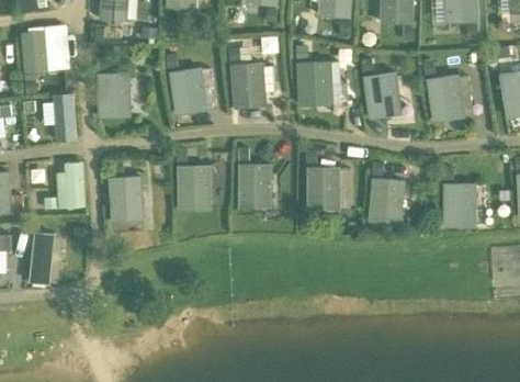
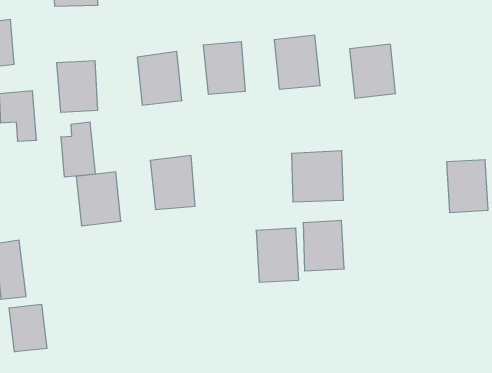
building: [426,75,465,123] -> none
building: [55,161,84,210] -> [61,122,95,177]
building: [237,164,273,211] -> [256,228,299,282]
building: [370,179,406,223] -> [303,221,344,271]
building: none -> [9,304,47,352]

